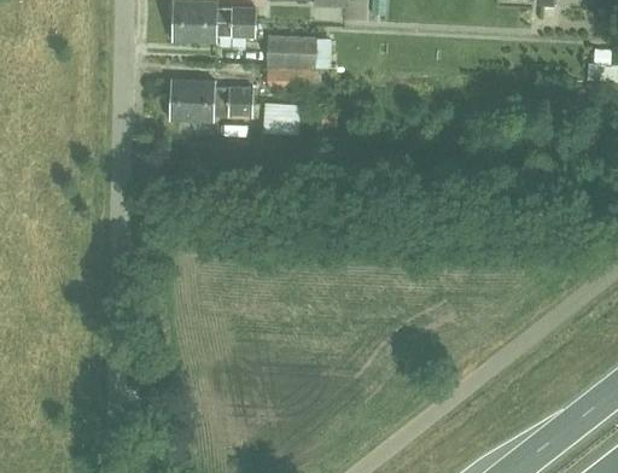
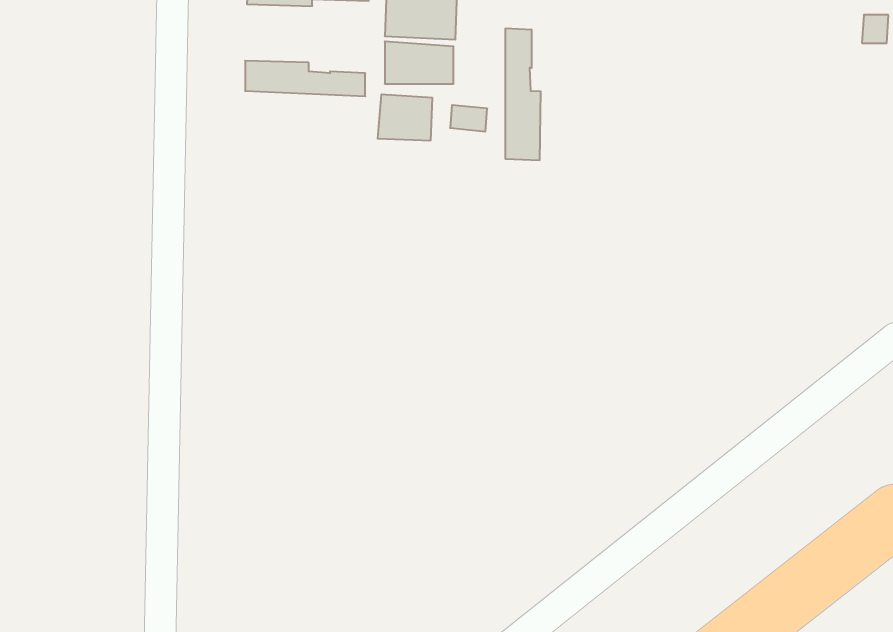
building: none -> [506,28,541,160]
building: [170,100,253,122] -> none

